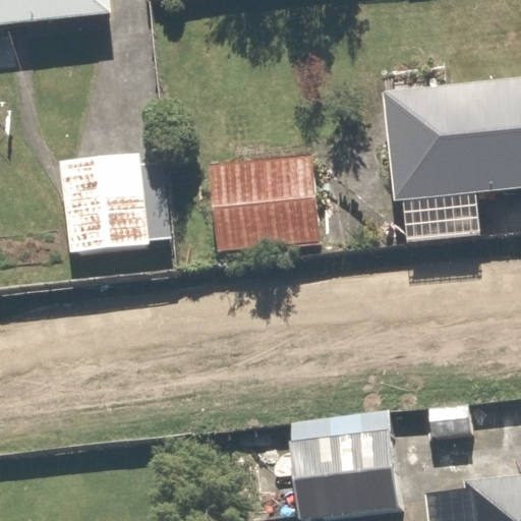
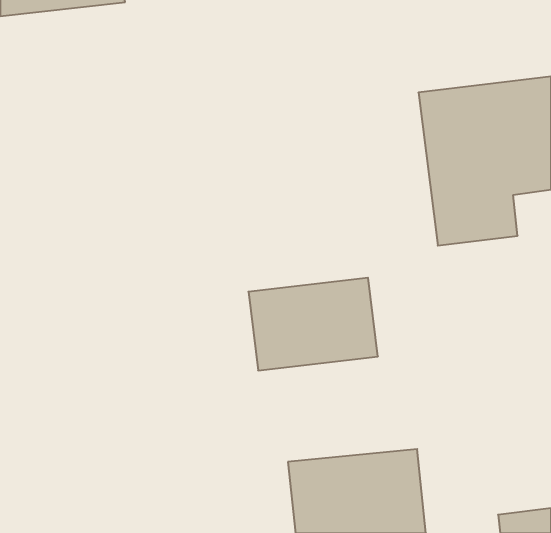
building: [209,167,331,254] -> [248,278,378,370]
building: [52,177,156,265] -> none

